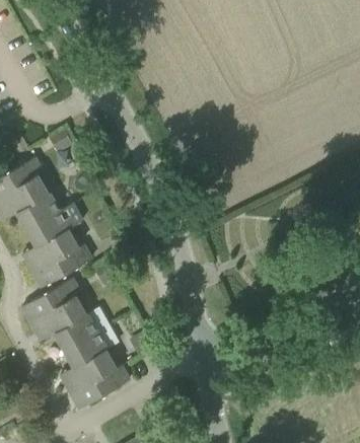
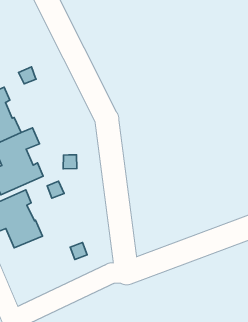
building: [64,331,129,408] -> none

